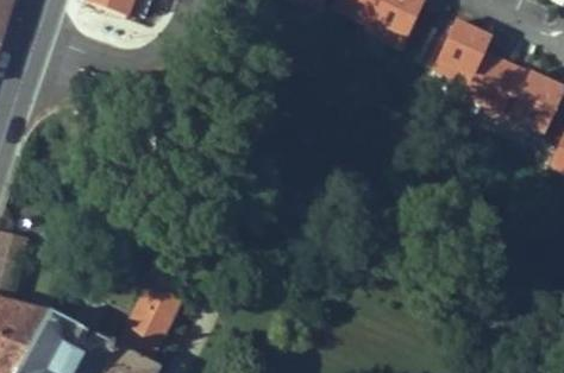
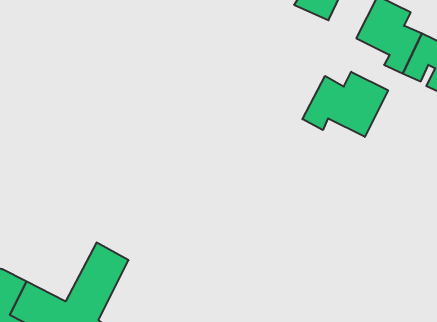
building: none -> [302,72,388,137]

